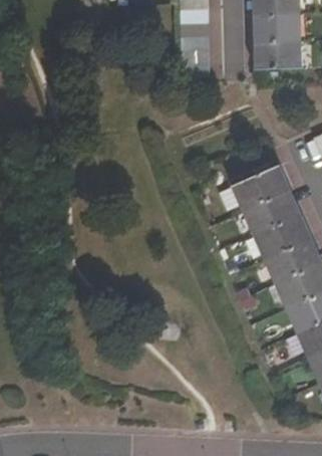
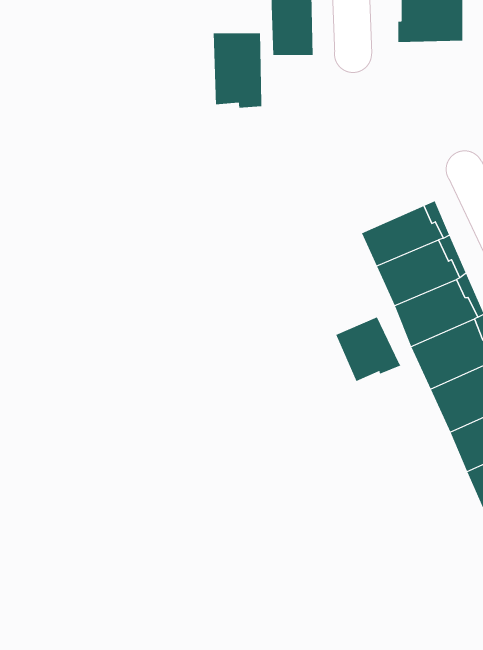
building: none -> [213,33,262,109]
building: none -> [335,316,401,382]

